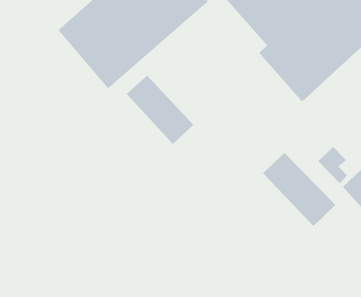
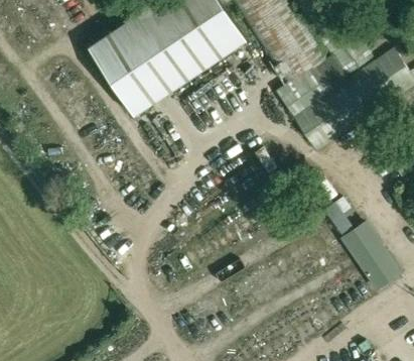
building: [126,75,194,145] -> none
building: [262,152,336,227] -> none

